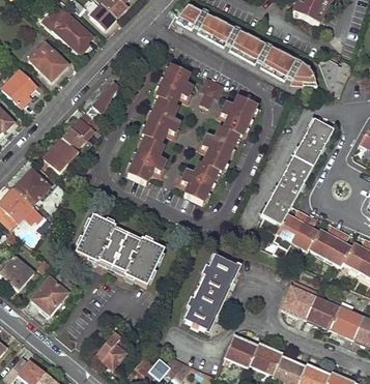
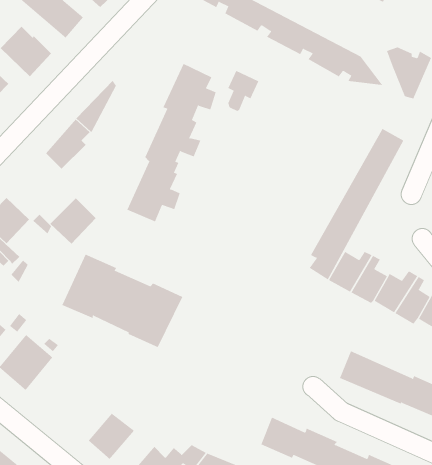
building: [176,102,256,211] -> none
building: [44,138,79,173] -> [50,198,97,245]
building: [184,255,238,329] -> none

